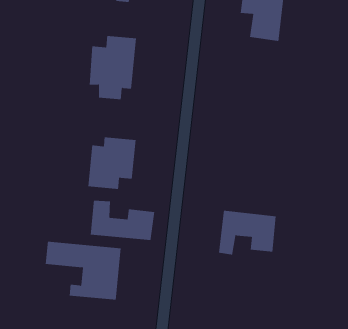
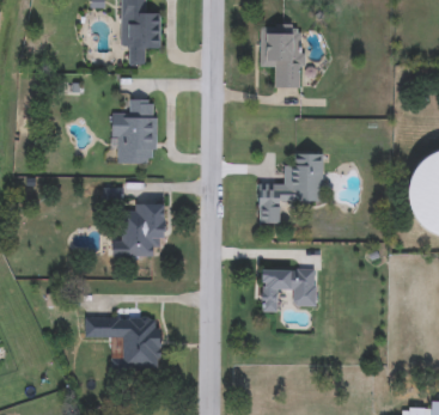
building: none -> [258,153,323,222]
building: [90,200,155,241] -> none

